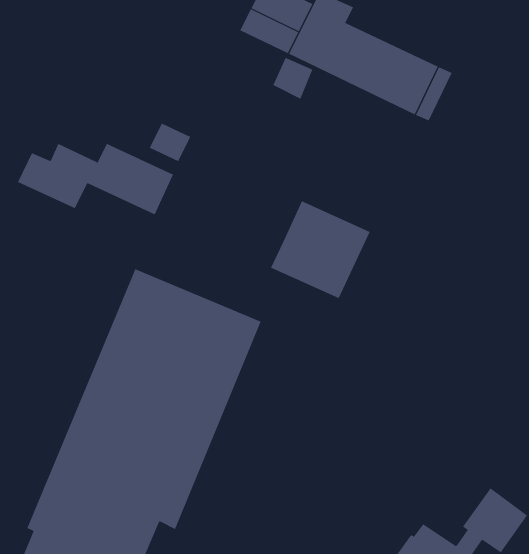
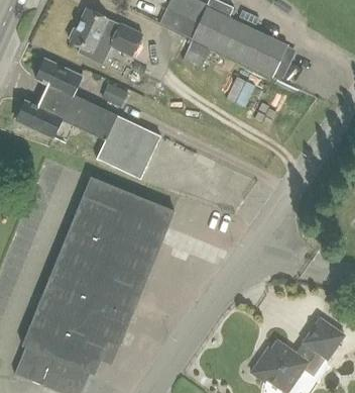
building: none -> [70,8,143,64]
building: none -> [36,59,82,107]
building: [270,200,370,299] -> [97,115,161,179]

